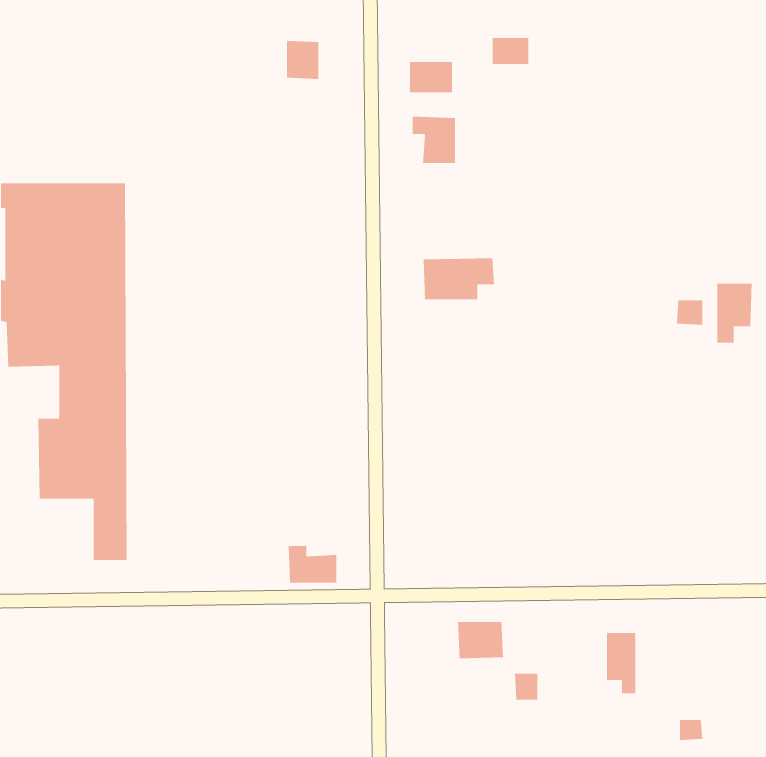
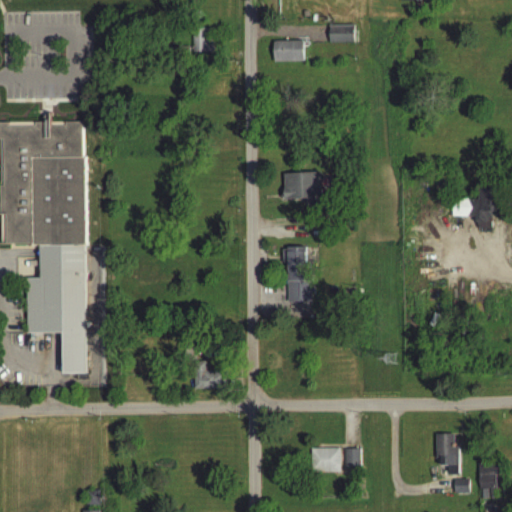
building: [412,116,456,164] -> none
building: none -> [286,247,308,302]
building: [457,622,504,659] -> [309,448,340,473]
building: [606,633,636,694] -> [437,434,457,475]
building: none -> [477,464,500,486]

